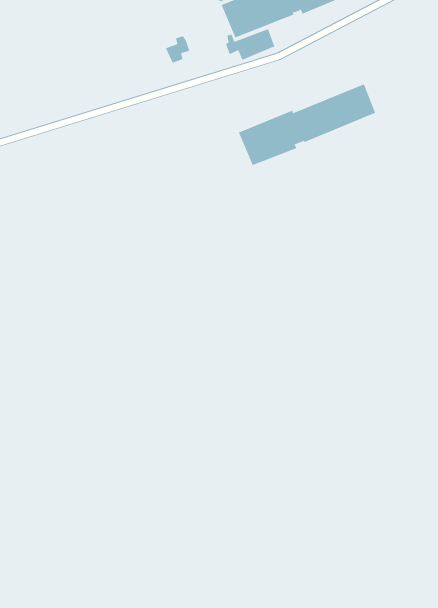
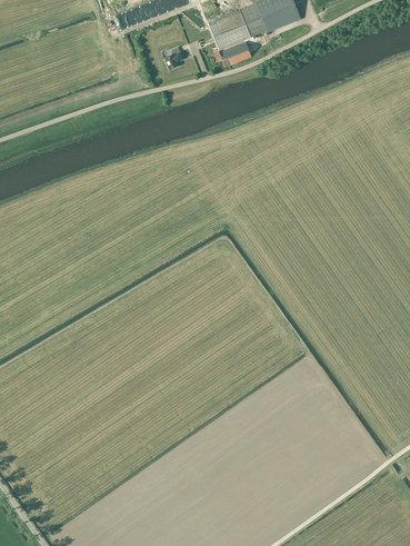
building: [238,84,376,166] -> none

